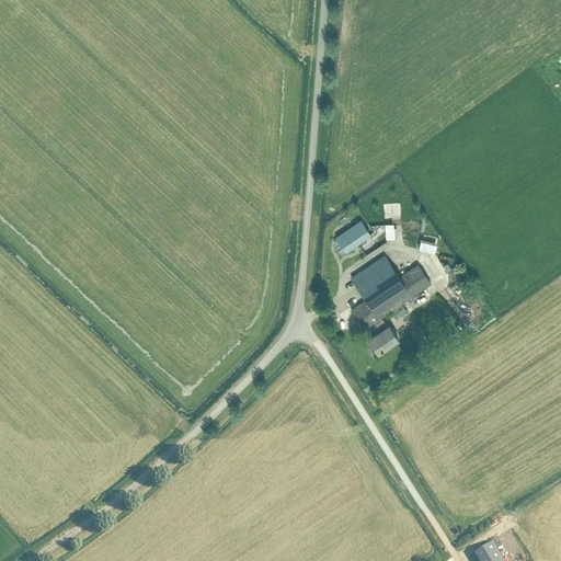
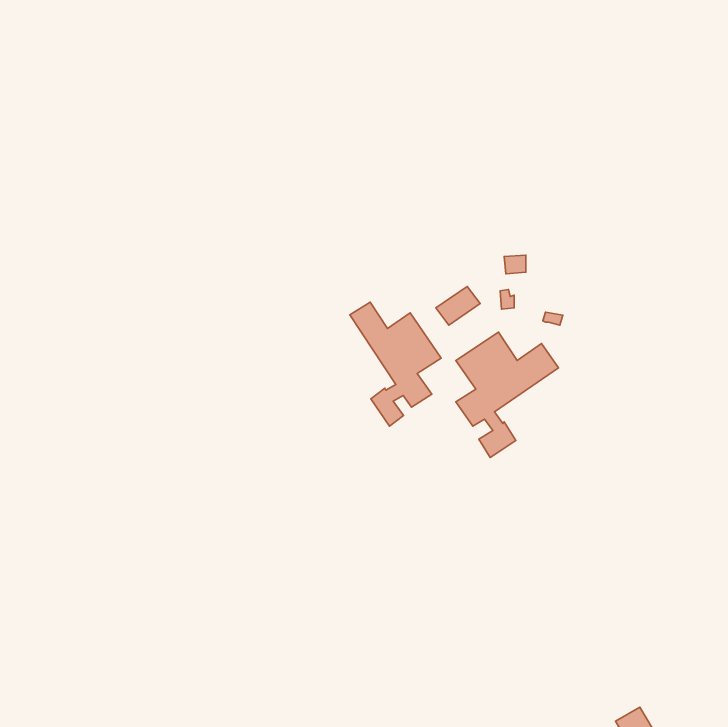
building: none -> [350,302,441,426]

